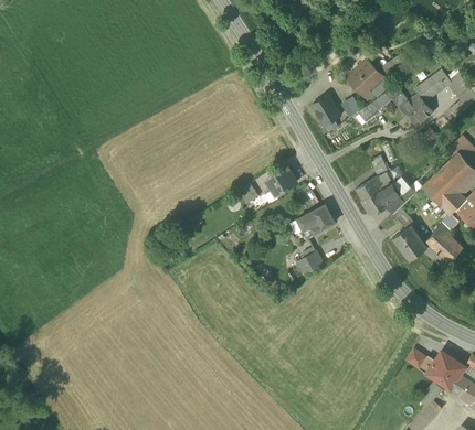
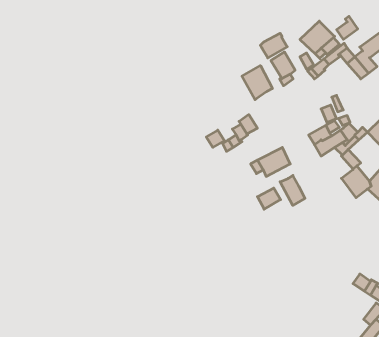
building: none -> [260,33,287,58]
building: none -> [242,66,272,100]
building: none -> [280,175,305,205]

